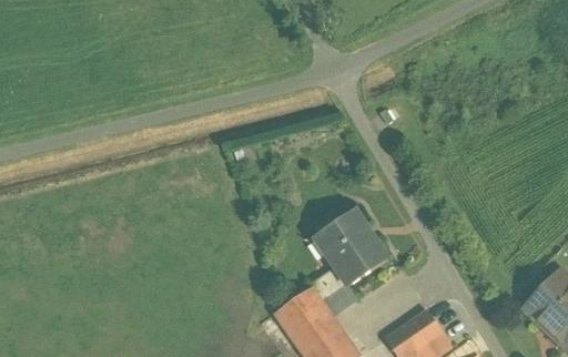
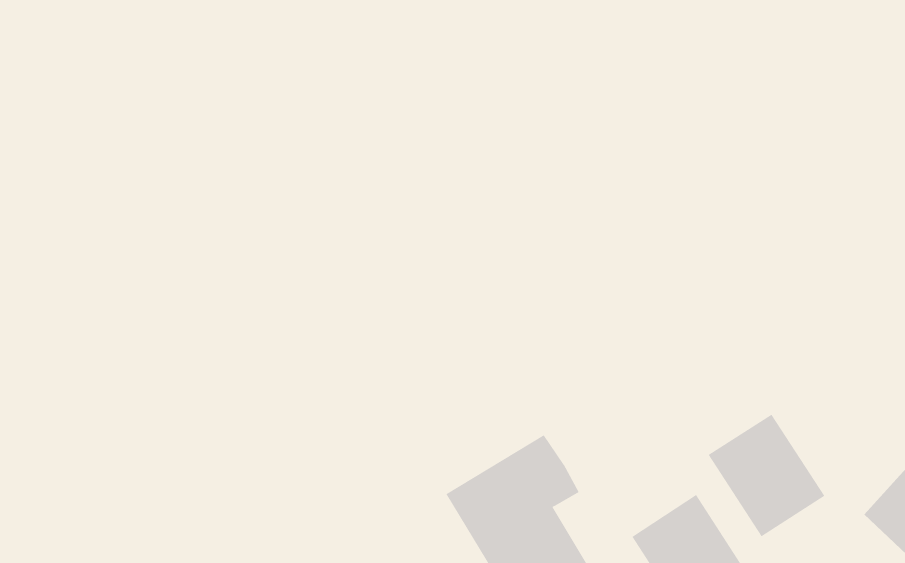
building: [314,211,387,287] -> none
building: none -> [708,414,825,537]

